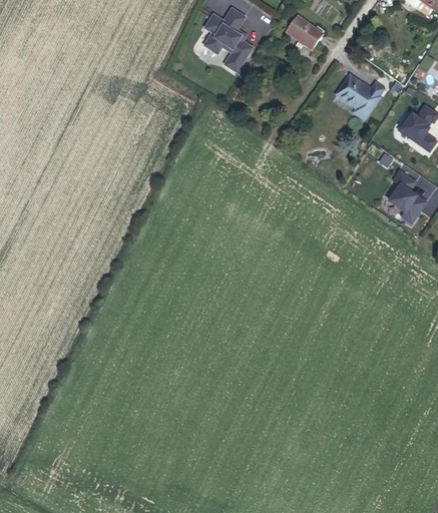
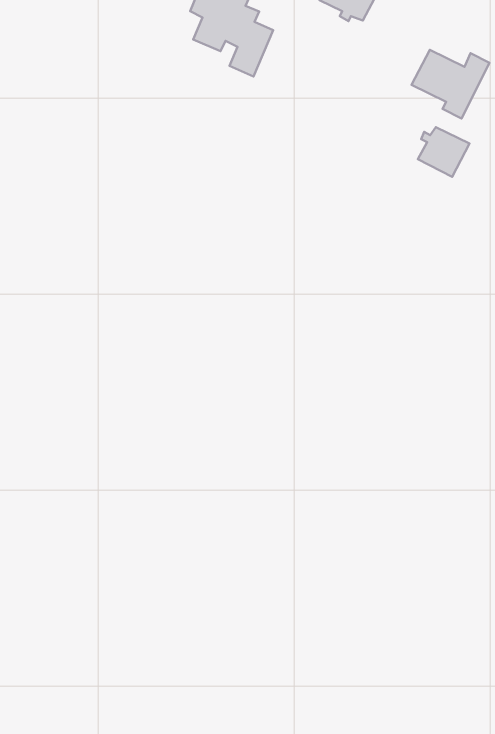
building: none -> [418,127,469,177]

